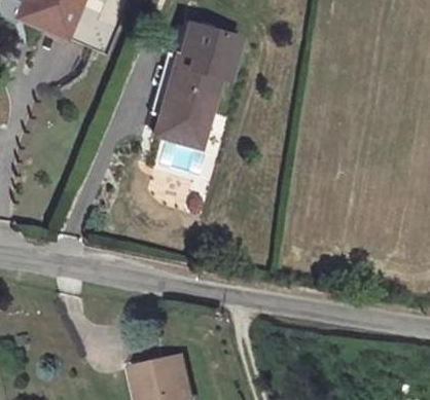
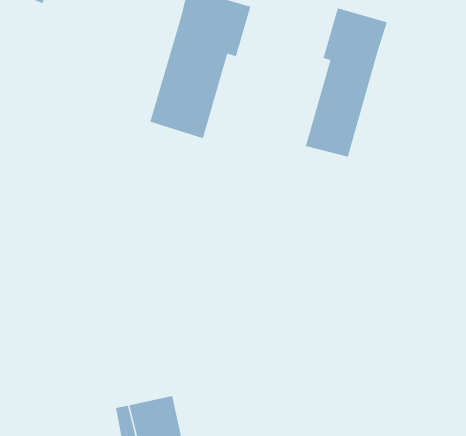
building: none -> [305,7,388,157]

